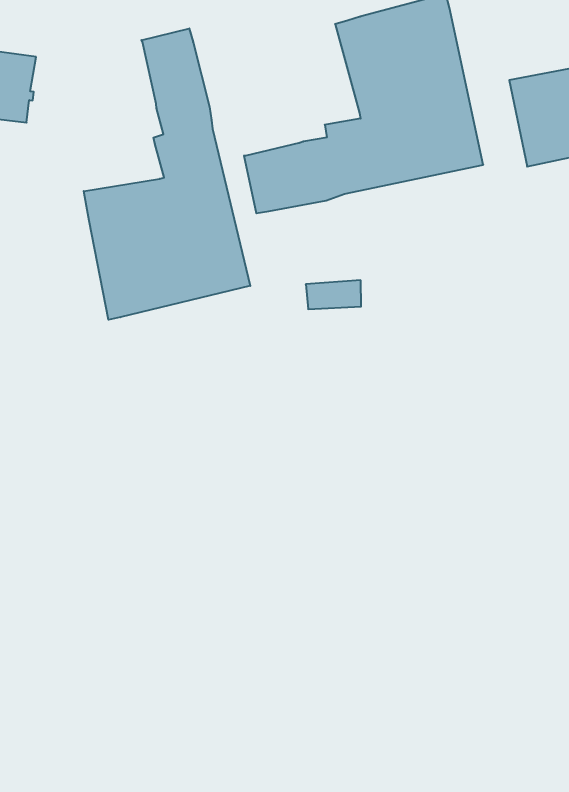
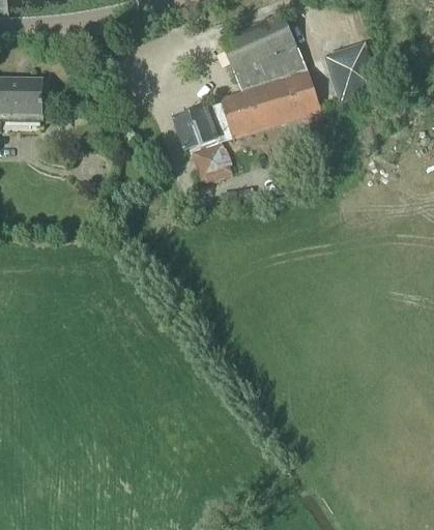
building: [84,28,250,320] -> none
building: none -> [193,142,235,182]

